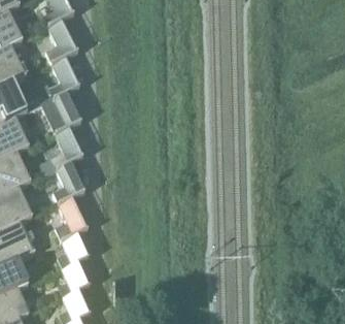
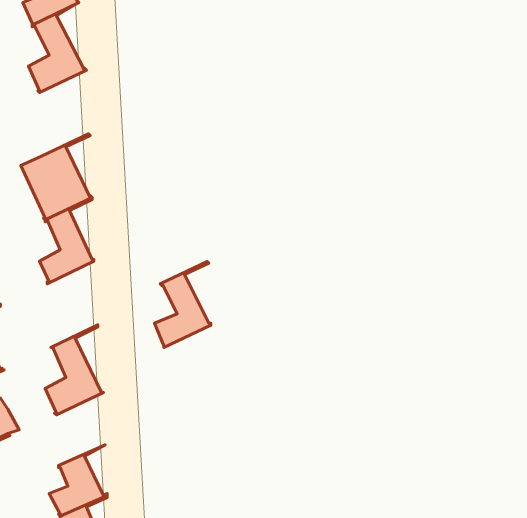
building: [48,50,79,97] -> none
building: [54,155,84,202] -> [155,261,211,348]
building: [58,227,89,267] -> none

